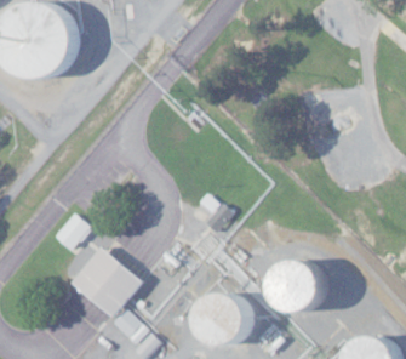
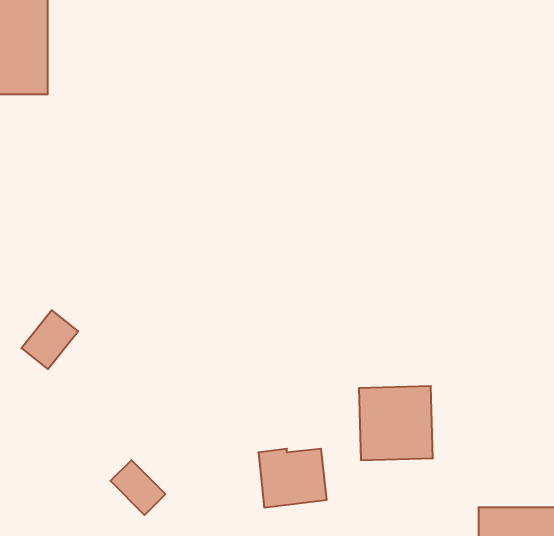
building: [72,247,143,317] -> none

